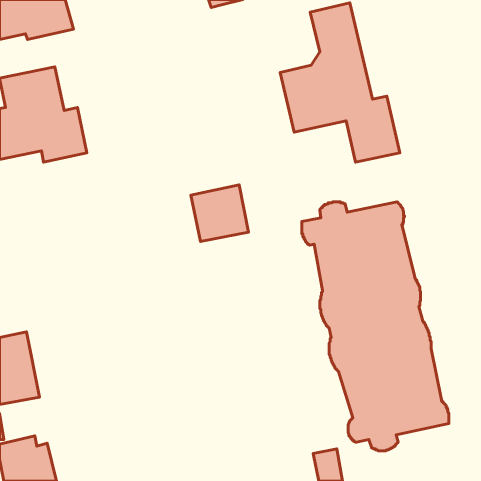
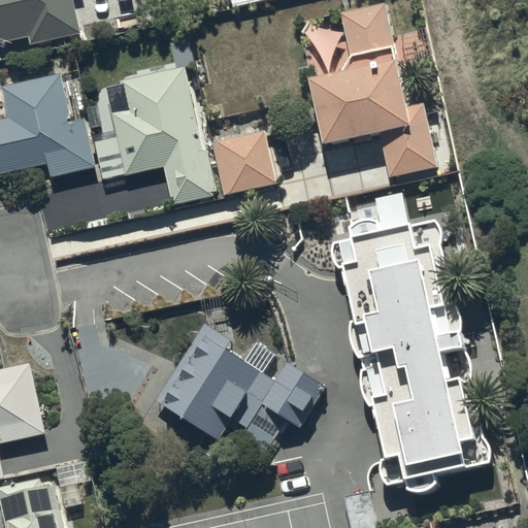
building: none -> [110,38,212,203]
building: [191,185,249,241] -> [212,131,275,193]
building: none -> [156,323,329,454]

